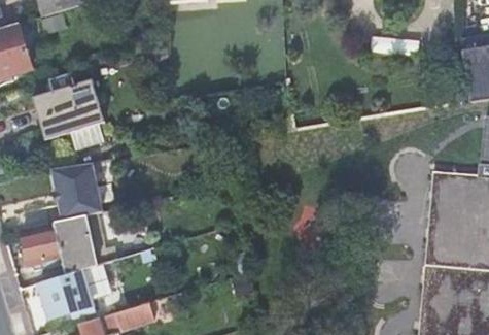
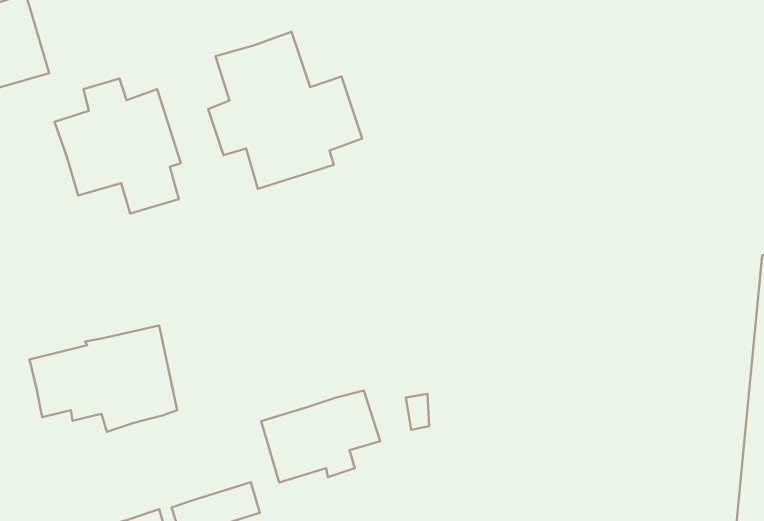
building: none -> [208,32,362,189]
building: [47,163,102,220] -> none
building: [39,264,107,316] -> [261,391,380,482]

